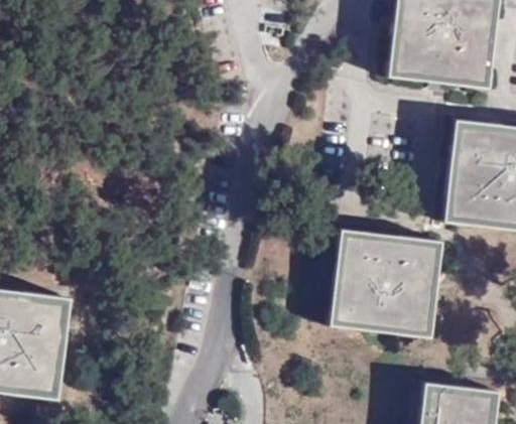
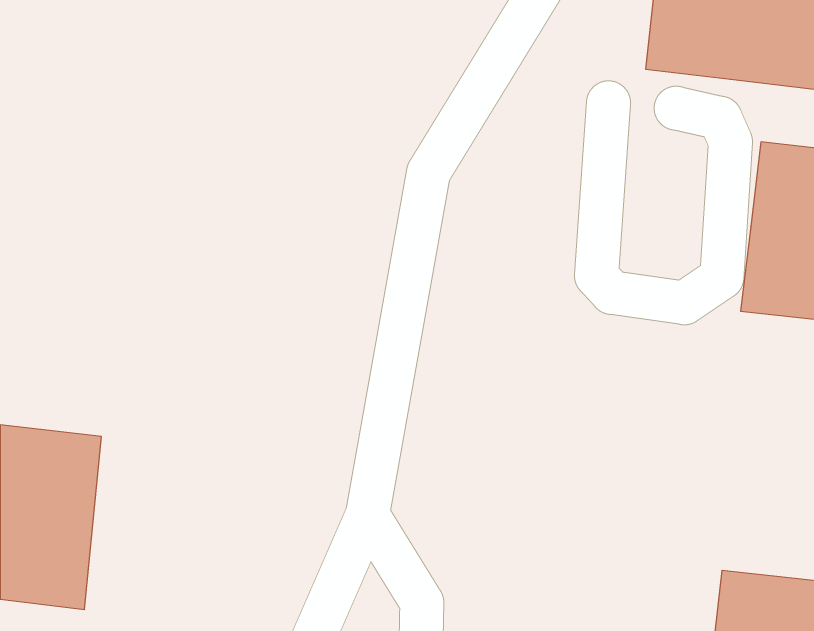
building: [330,227,442,334] -> none

